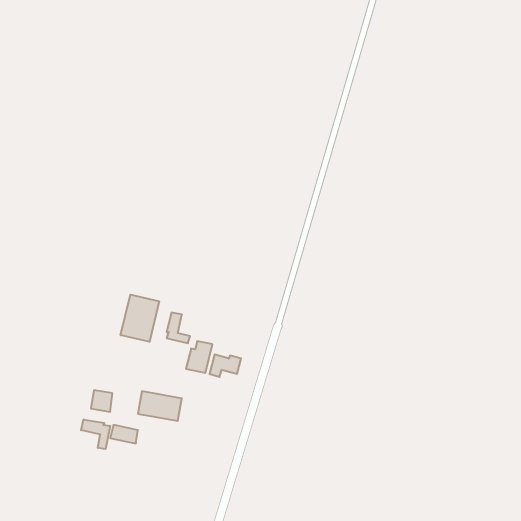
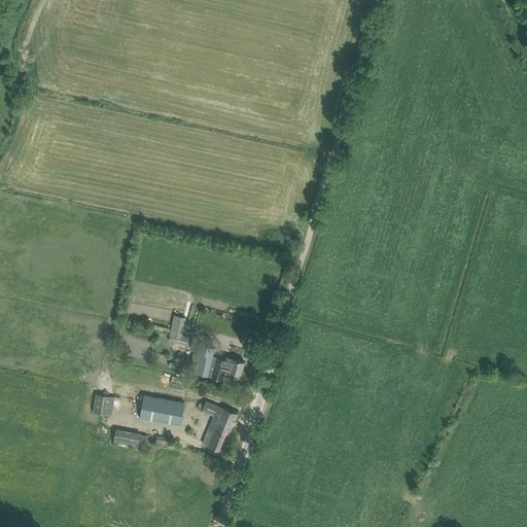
building: [121,295,159,342] -> none
building: none -> [201,401,237,452]
building: [81,419,110,449] -> none

